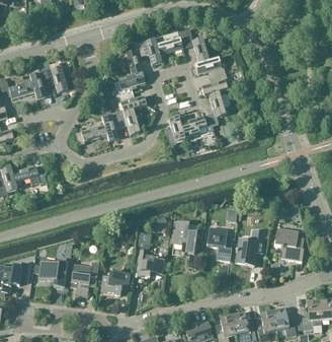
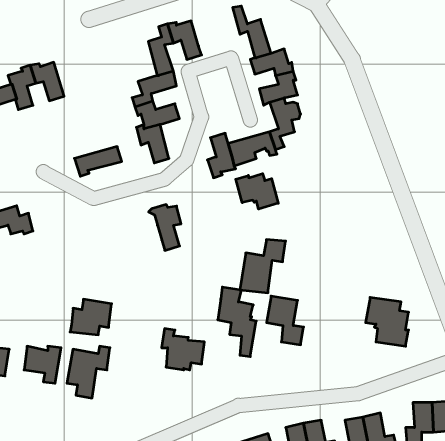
building: [157,28,188,55] -> none
building: [98,110,120,141] -> [149,205,181,250]
building: none -> [236,174,278,209]
building: [235,228,266,265] -> [240,240,286,293]
building: [101,270,130,294] -> [70,299,112,335]

